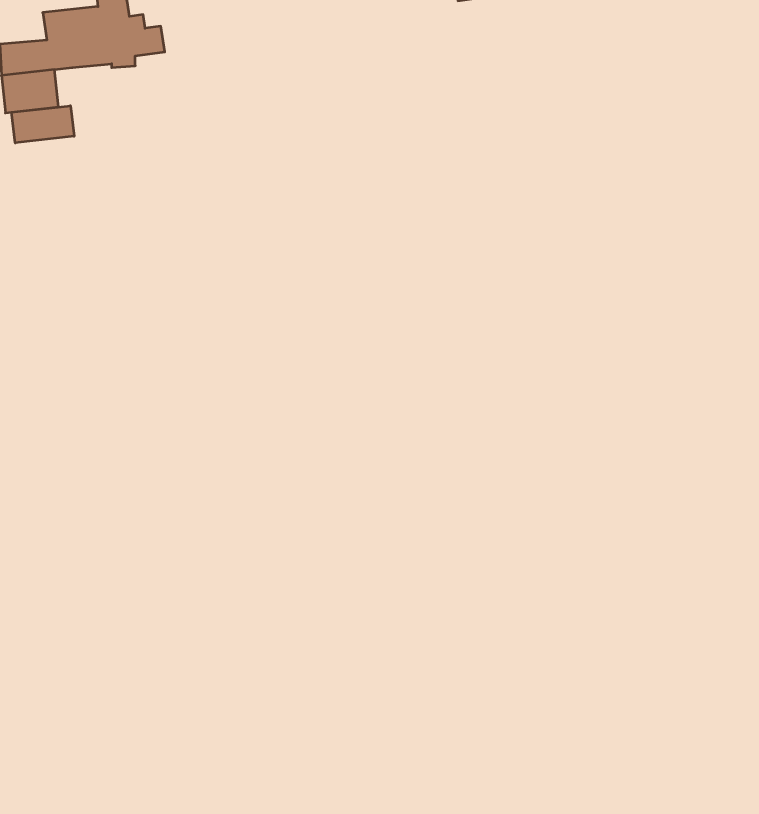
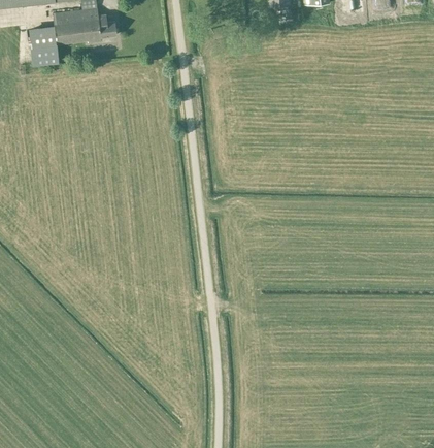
building: [12,106,74,143] -> none

